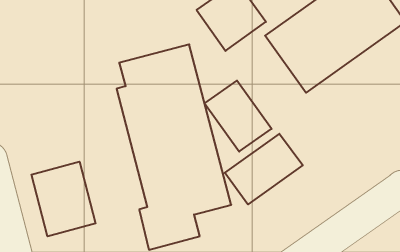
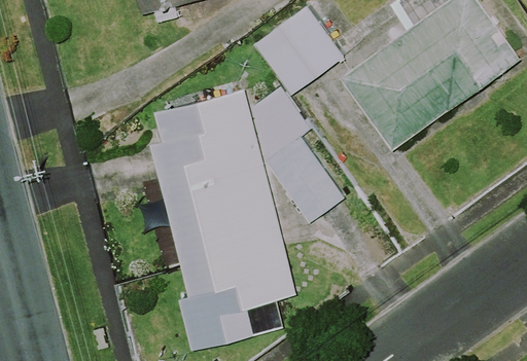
building: [225,134,303,204] -> none
building: [31,162,96,236] -> none

